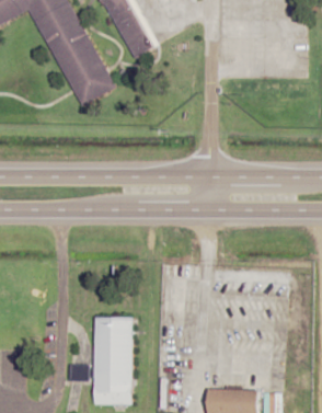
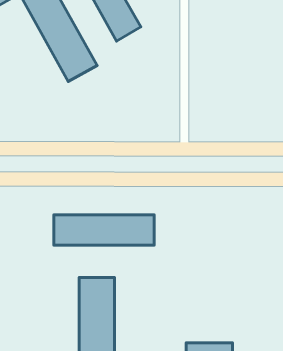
building: none -> [54,215,154,245]

